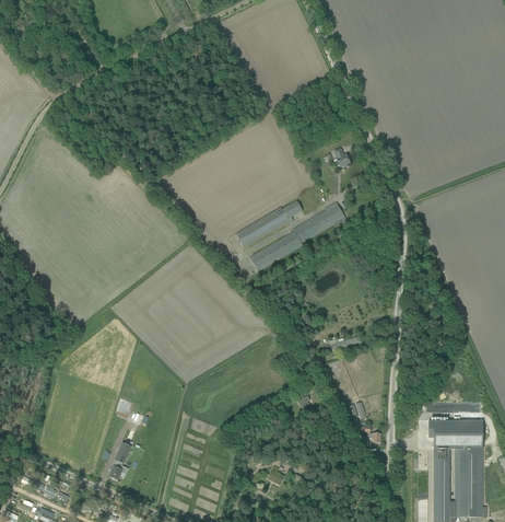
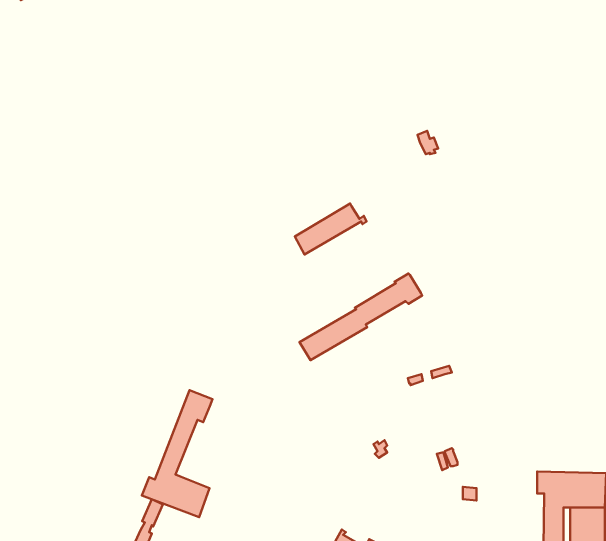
building: [249,201,347,270] -> [300,274,422,360]
building: none -> [142,390,212,517]

